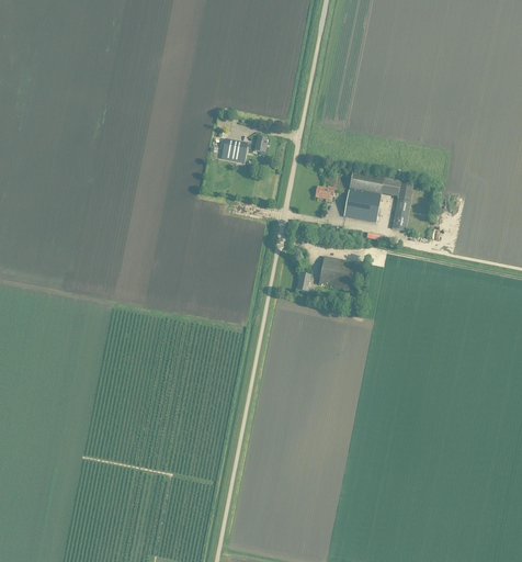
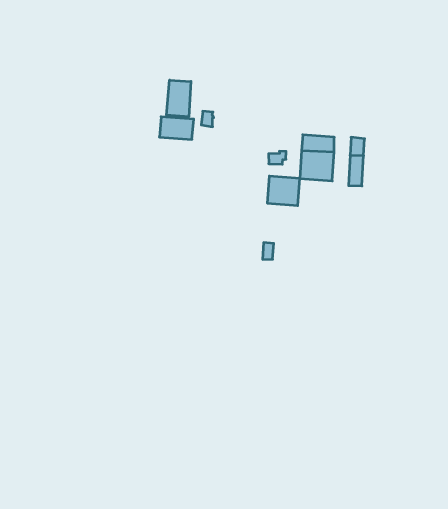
building: none -> [167,80,191,117]
building: [318,256,353,289] -> [267,176,300,206]

